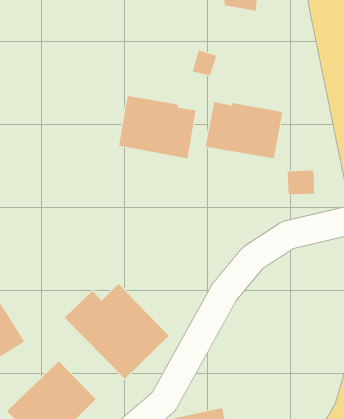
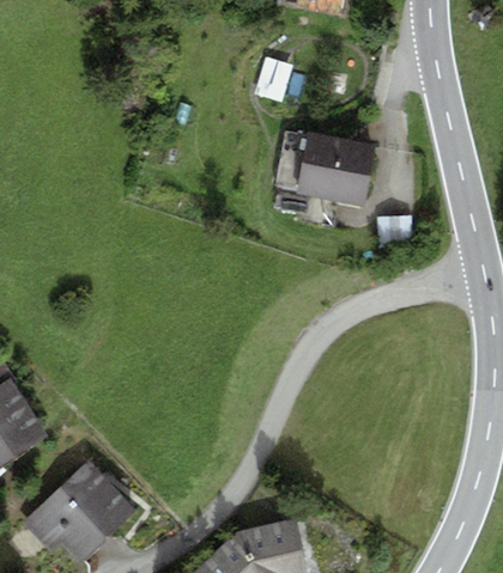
building: [118,95,196,159] -> none
building: [64,283,170,380] -> none

